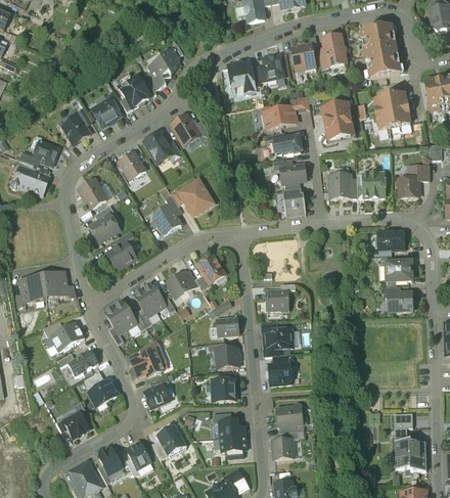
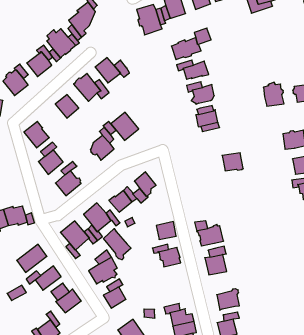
building: [374,93,410,129] -> none
building: [322,103,354,139] -> none
building: [329,174,351,197] -> none
building: [266,289,288,309] -> [222,153,243,171]
building: none -> [104,229,131,260]
building: [212,378,235,401] -> none

